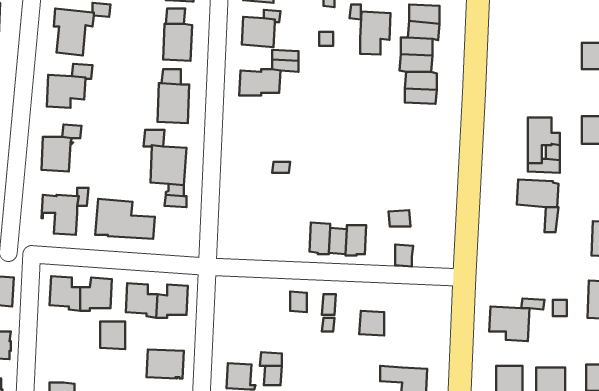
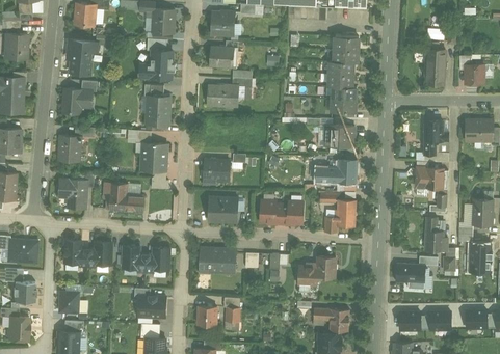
building: [360,11,391,54] -> none
building: none -> [424,49,444,84]
building: none -> [325,124,353,145]
building: none -> [203,159,230,181]
building: none -> [321,159,356,182]
building: none -> [208,196,237,221]
building: none -> [337,199,356,226]
building: none -> [424,216,447,251]
building: none -> [200,247,235,273]
building: none -> [316,255,335,277]
building: [100,322,125,349] -> [59,292,78,312]

